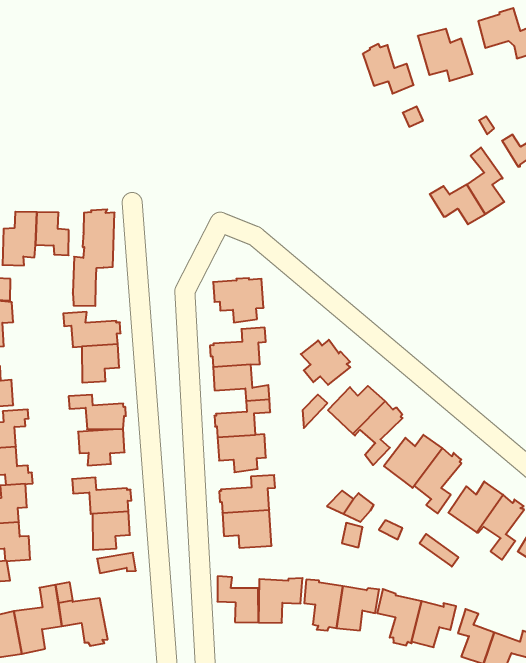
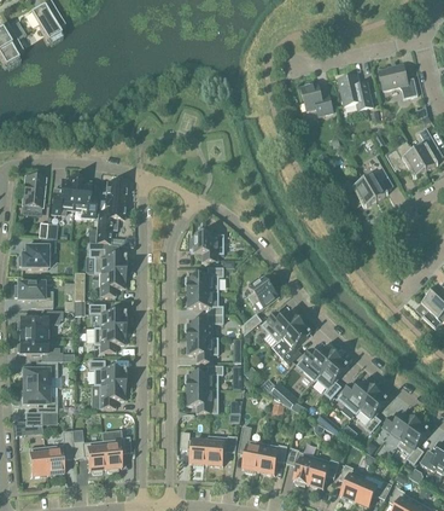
building: none -> [101,436,132,471]

